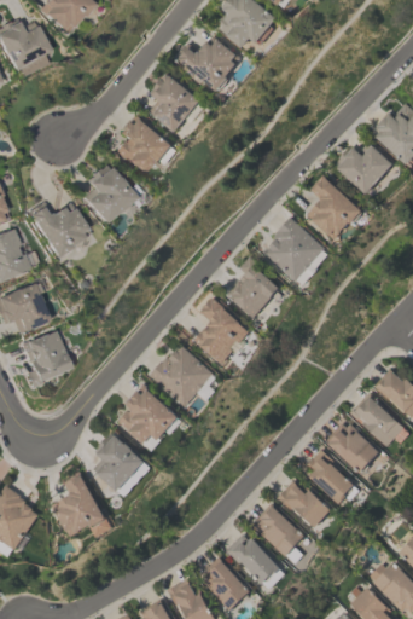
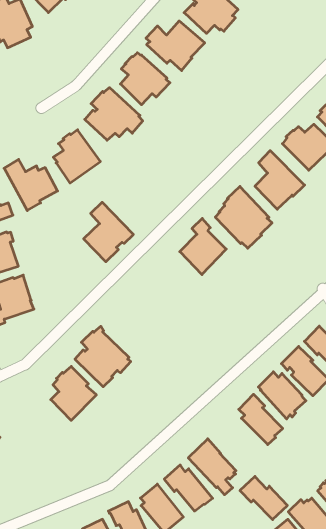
building: [194,297,250,364] -> [84,202,133,262]
building: [150,345,215,406] -> none
building: [53,472,114,537] -> none
building: [278,480,332,527] -> [240,476,287,520]

